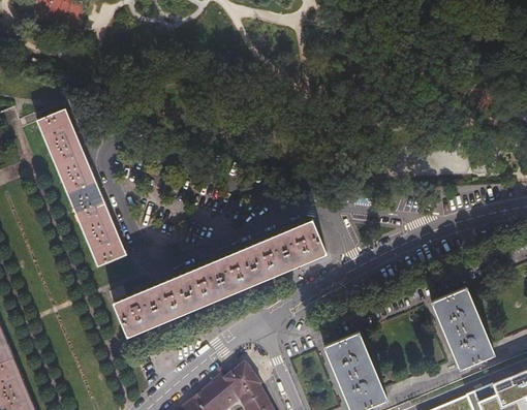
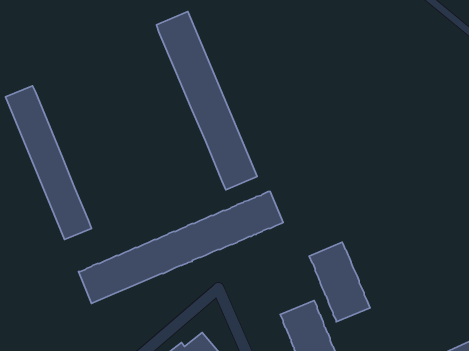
building: none -> [156,11,257,190]
building: [429,287,492,370] -> [309,242,370,322]

